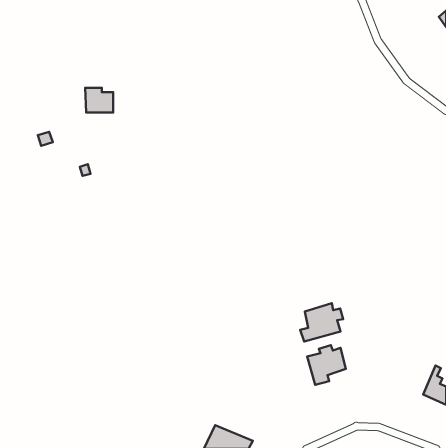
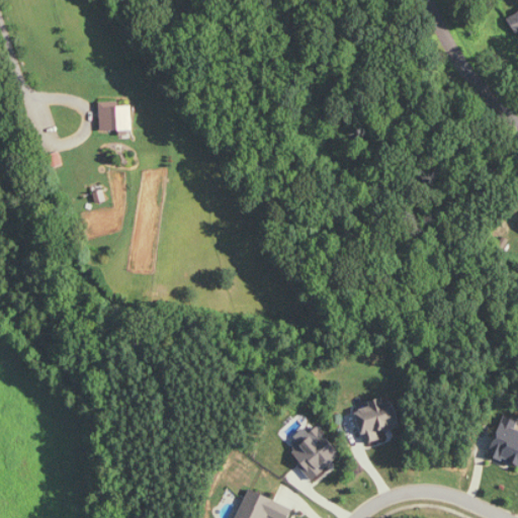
building: [300,303,343,342] -> none
building: none -> [288,428,340,480]

